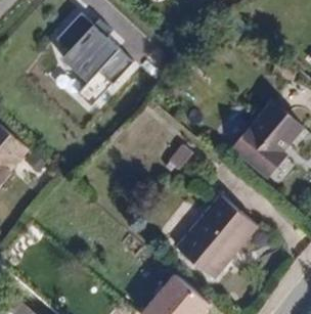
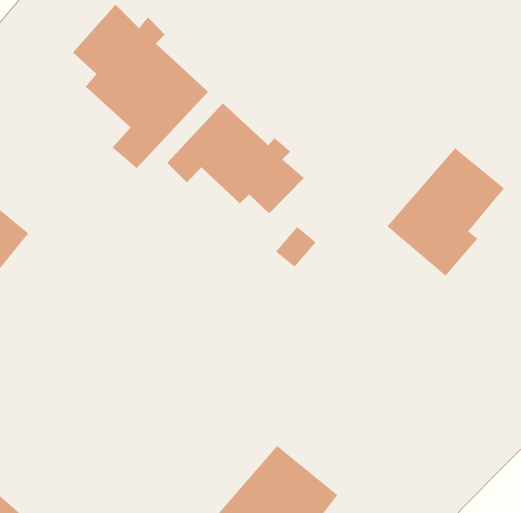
building: none -> [167,103,305,214]
building: [178,191,256,273] -> none

